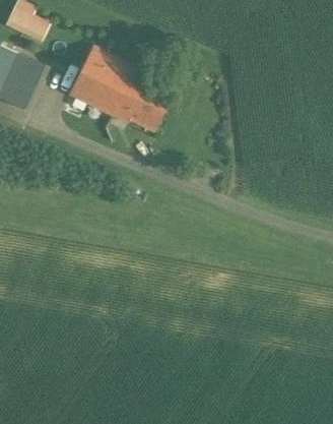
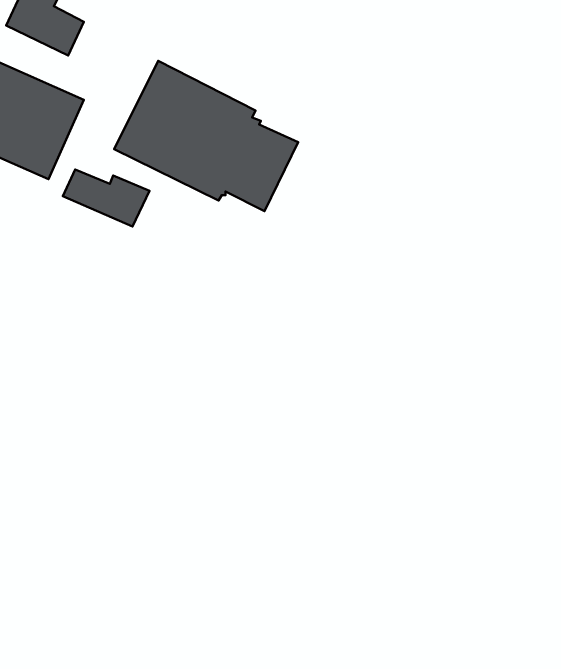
building: none -> [63,170,149,227]

